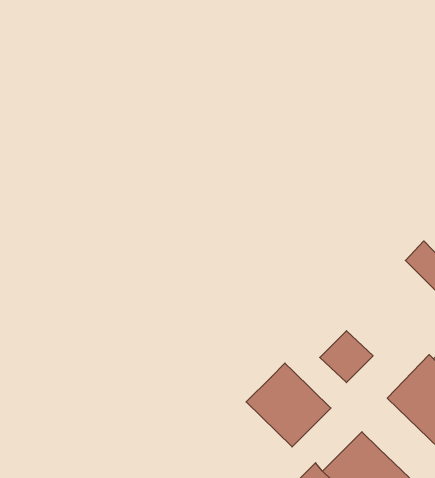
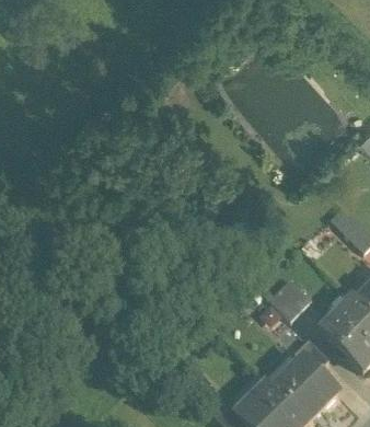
building: [246,363,331,447] -> none
building: none -> [288,335,326,368]

